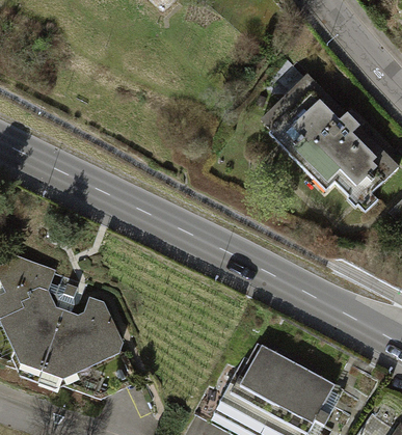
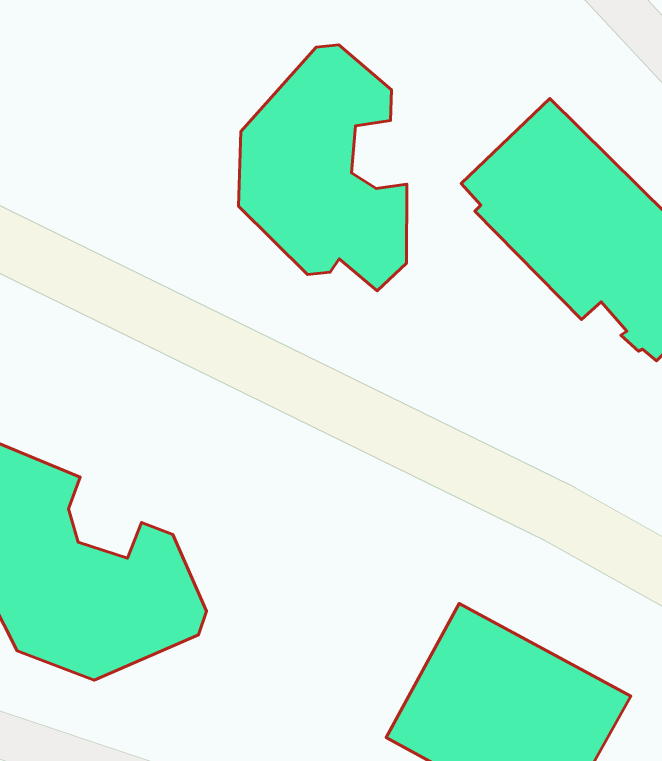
building: none -> [238,45,407,291]

